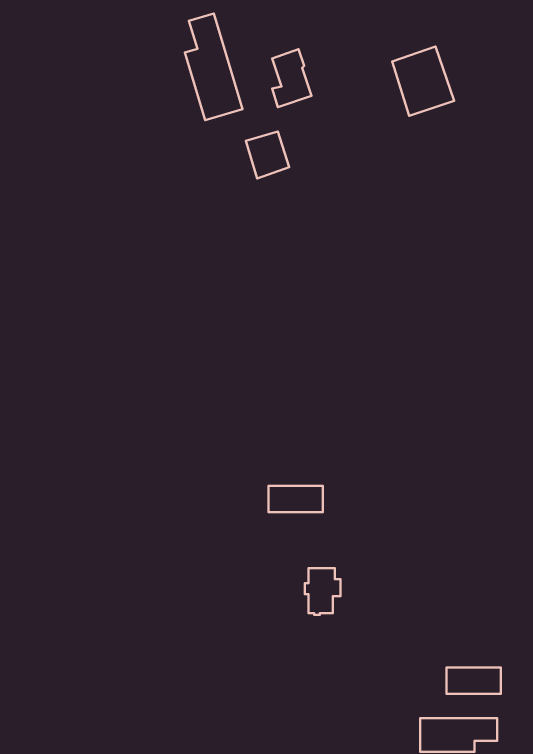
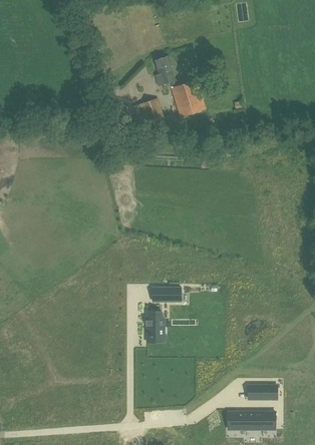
building: [185,13,243,120] -> none
building: [392,47,454,116] -> [171,78,204,115]
building: [305,568,340,615] -> [144,311,164,336]

